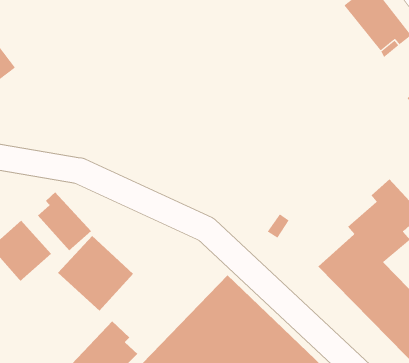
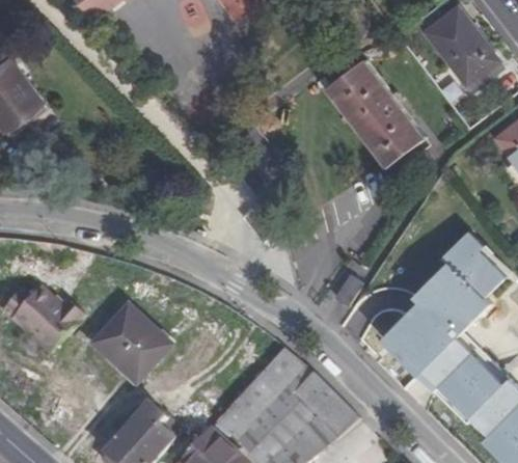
building: none -> [321,63,417,169]
building: [37,192,92,251] -> none

